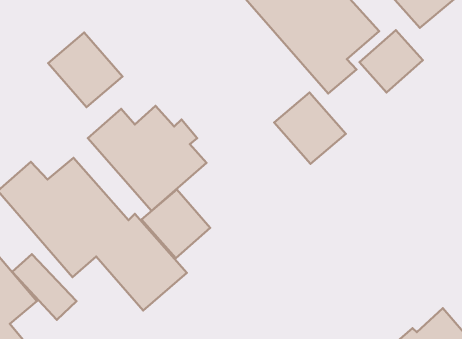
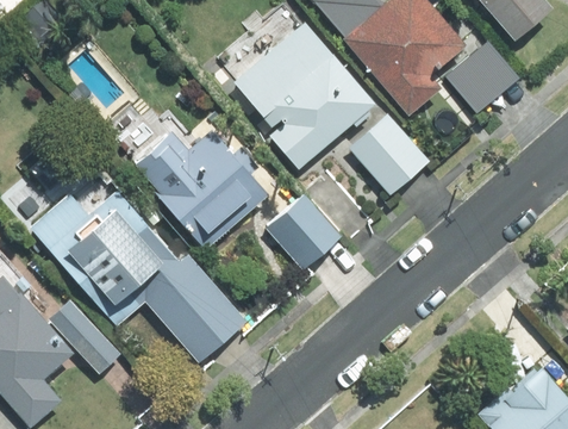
building: none -> [233,21,376,169]
building: [48,33,122,107] -> none
building: [141,190,210,258] -> [264,193,343,272]

